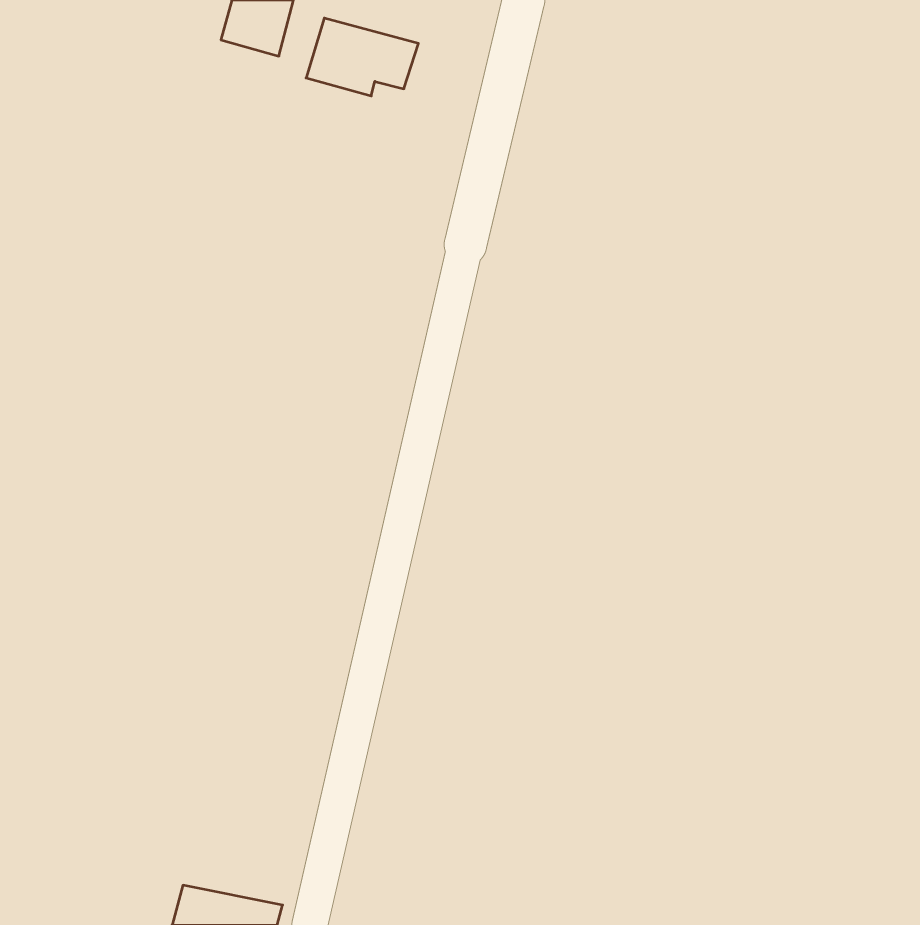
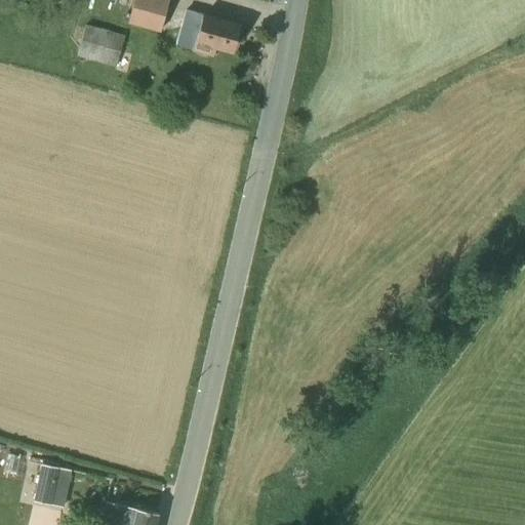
building: none -> [79,25,126,67]
building: none -> [35,462,73,507]

